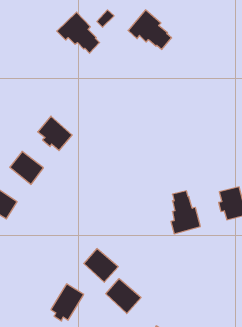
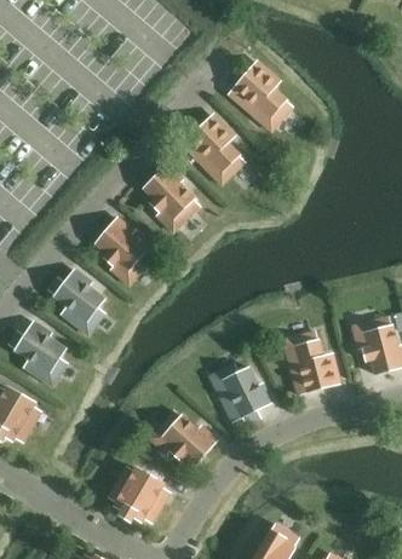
building: [57,12,100,53] -> [180,117,243,178]
building: none -> [142,168,194,219]
building: none -> [222,368,266,421]
building: [106,279,141,314] -> none

